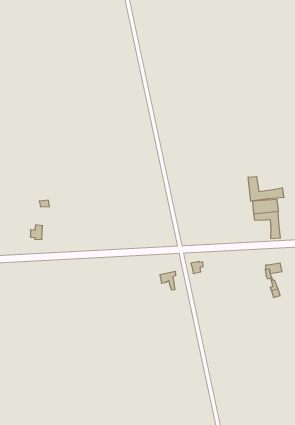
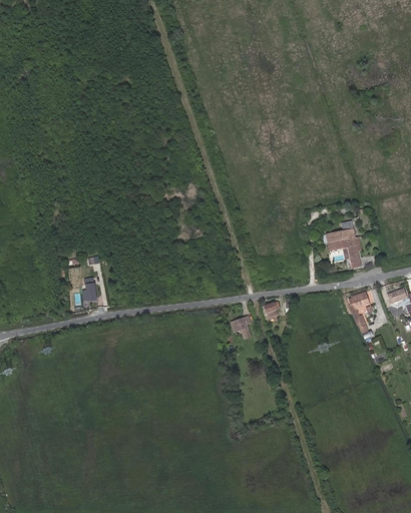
building: [248,177,284,201] -> none

